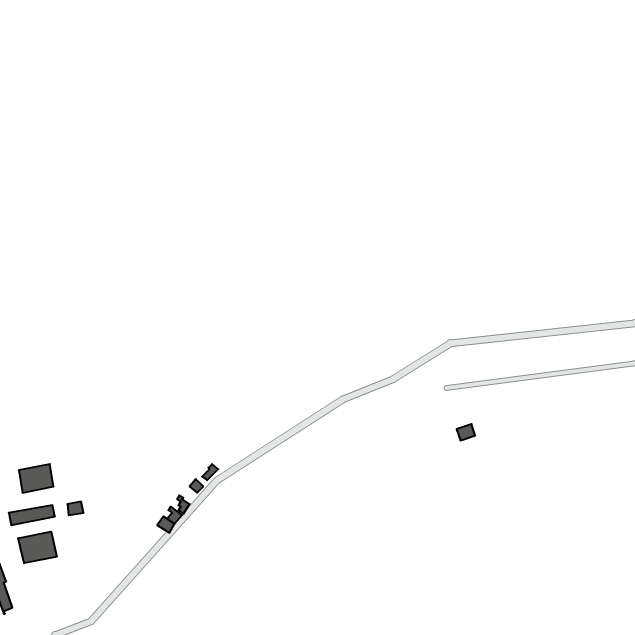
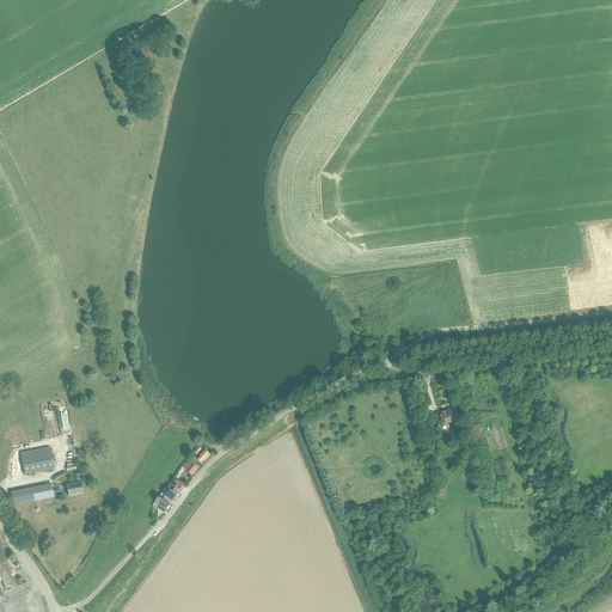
building: [18,532,57,563] -> none

